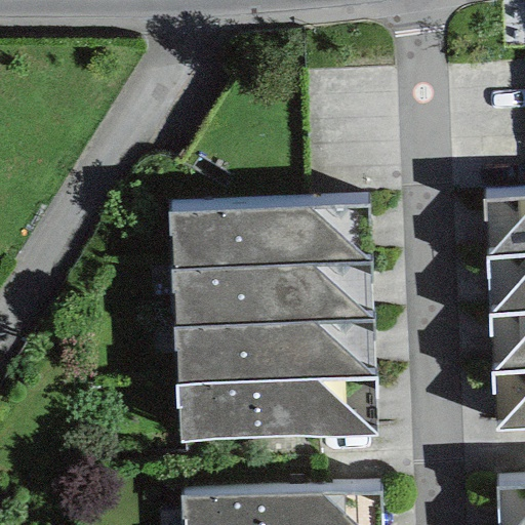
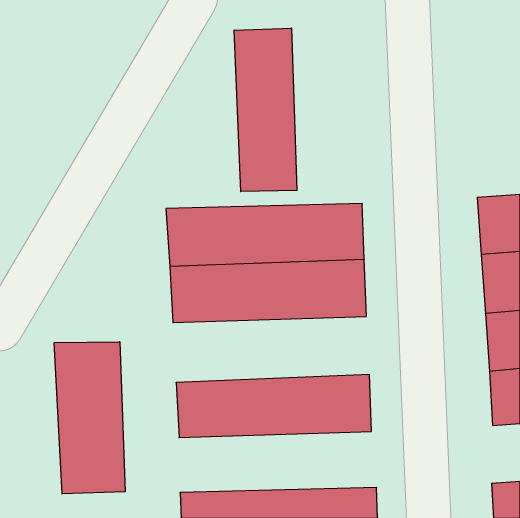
building: none -> [234,28,297,192]
building: [174,319,372,386] -> none
building: none -> [54,342,125,494]

